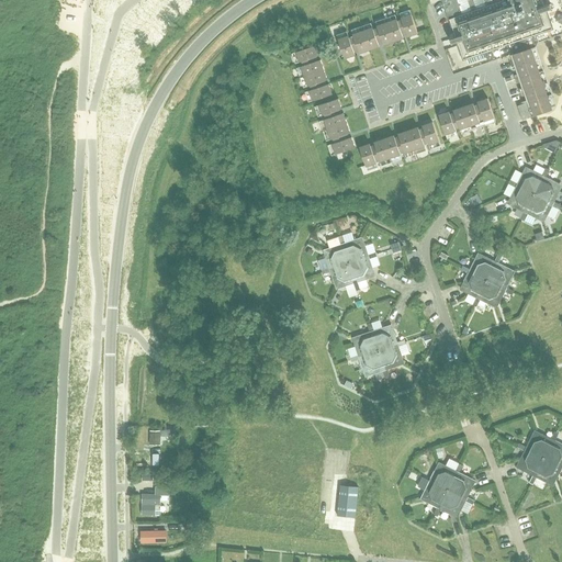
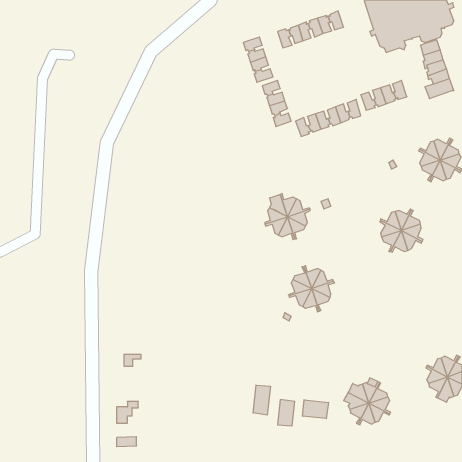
building: none -> [253,385,270,415]
building: none -> [303,400,329,419]

